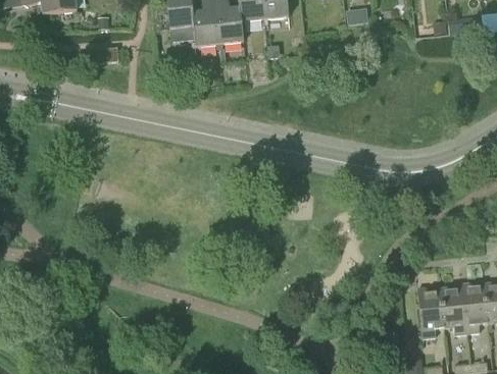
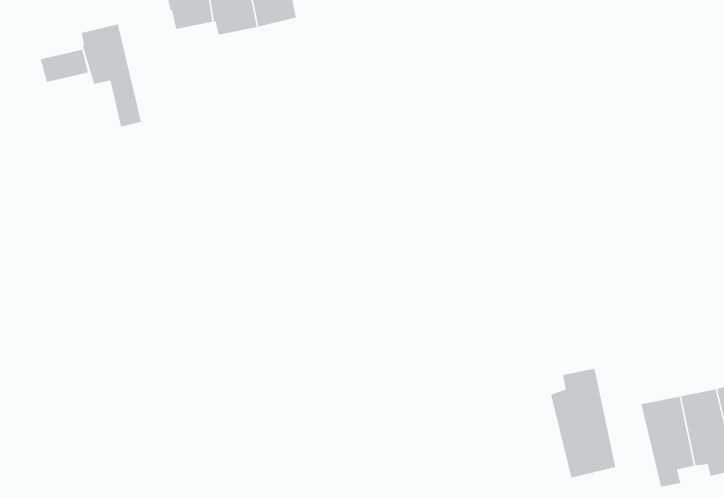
building: none -> [81,23,142,127]
building: none -> [550,368,616,478]

